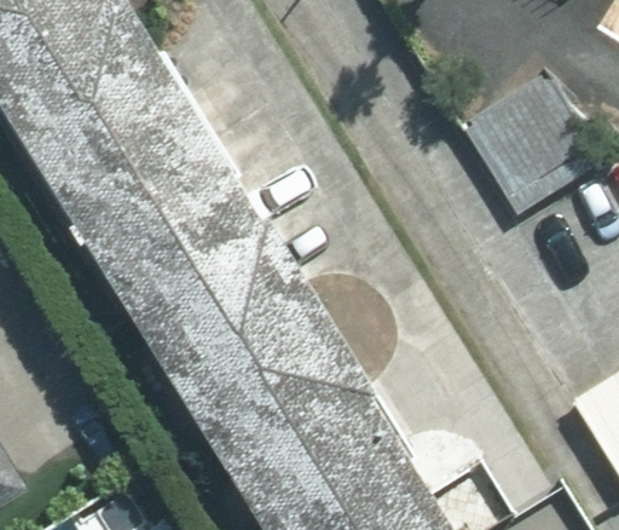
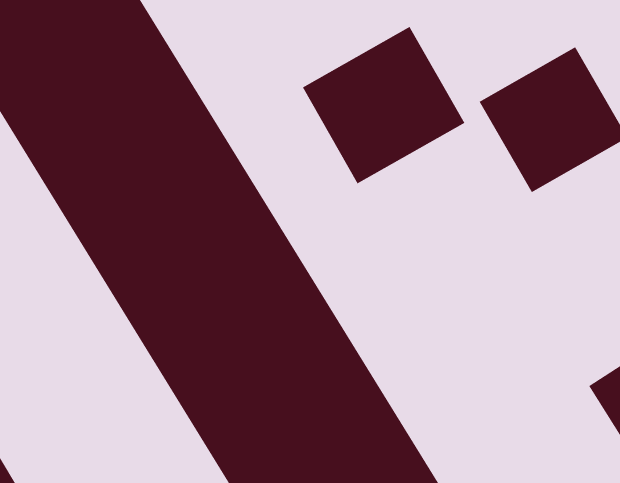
building: none -> [302,26,465,185]

